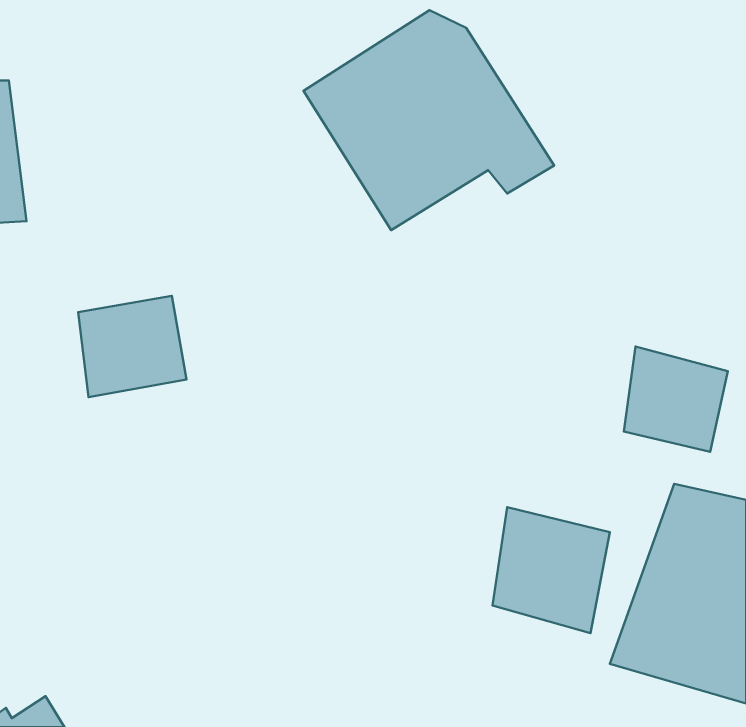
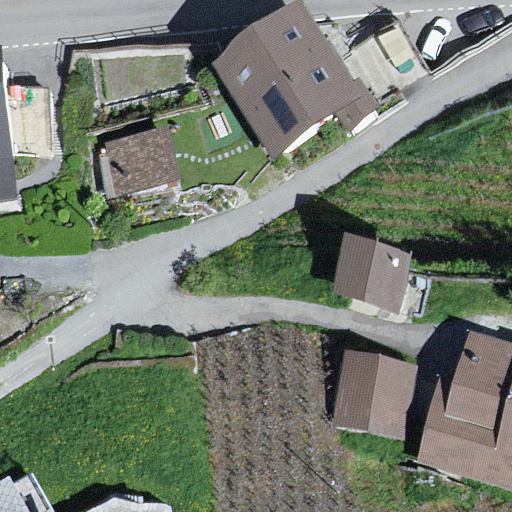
building: [78,296,187,397] -> [103,127,177,196]
building: [624,346,728,452] -> [333,237,404,309]

